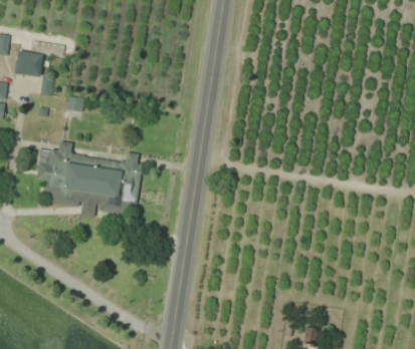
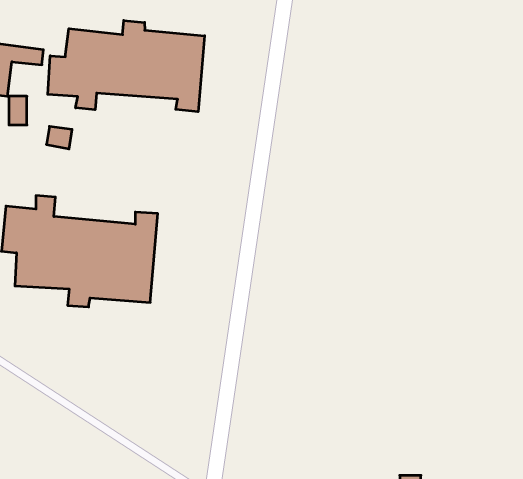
building: none -> [48,20,205,112]

